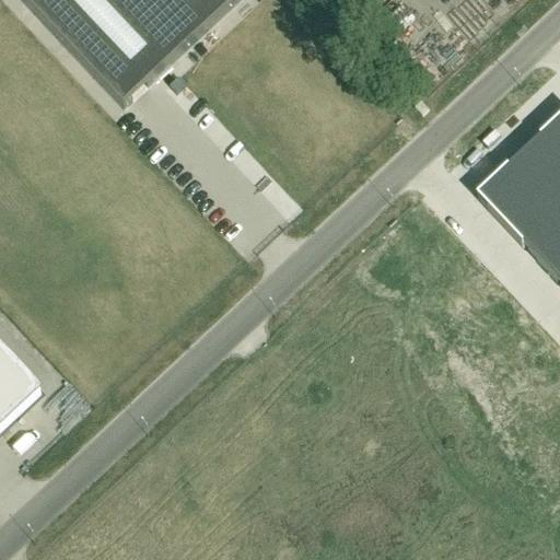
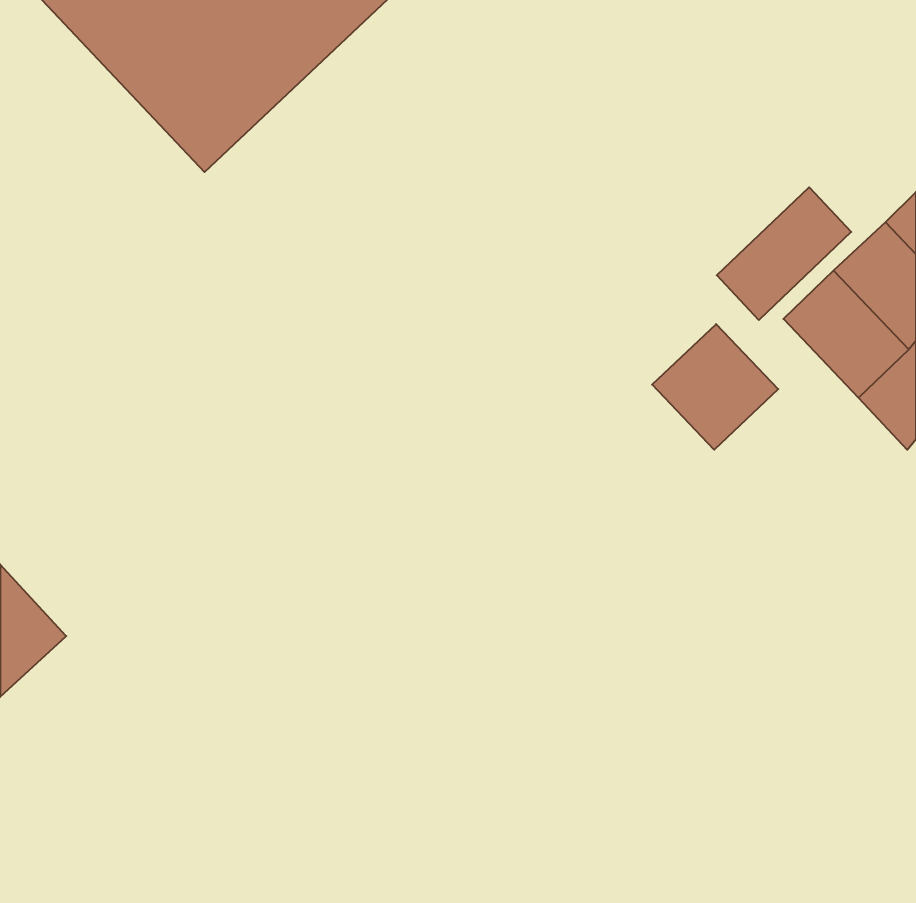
building: none -> [717,187,851,320]
building: none -> [652,324,778,450]

